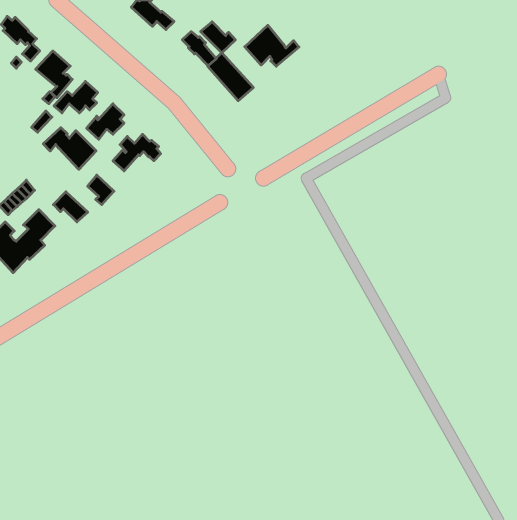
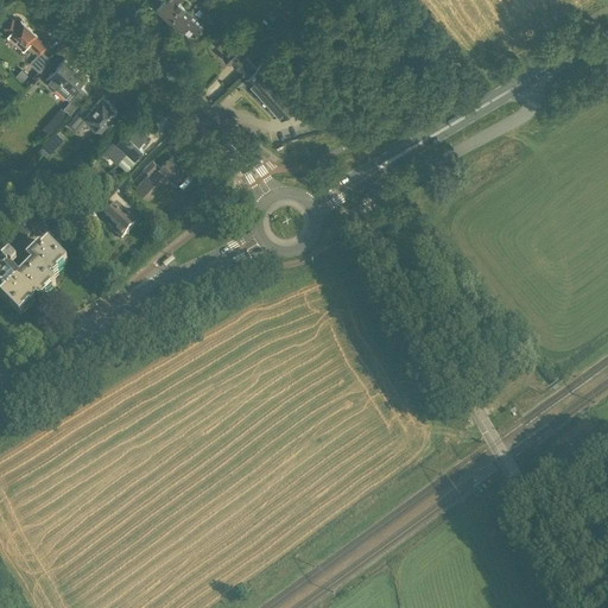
building: [201,22,235,53] -> none
building: [245,25,299,66] -> none
building: [43,128,96,169] -> none
building: [53,192,88,222] -> none

